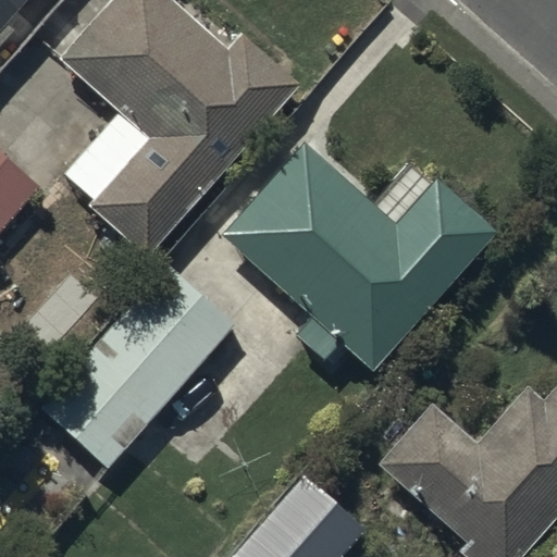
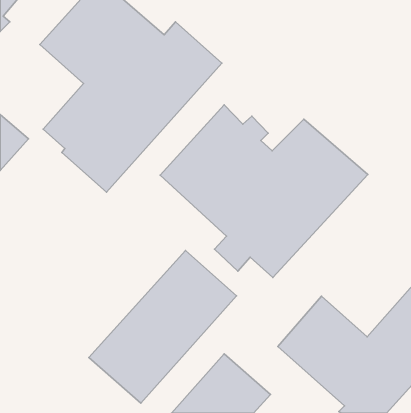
building: [39,264,237,469] -> [89,251,237,403]

